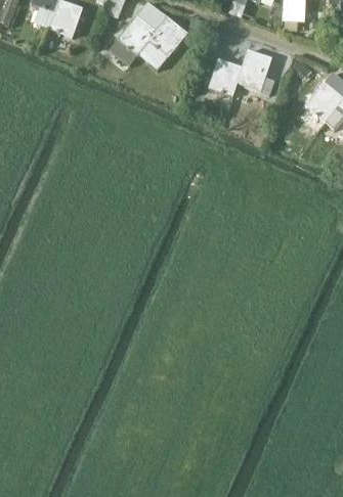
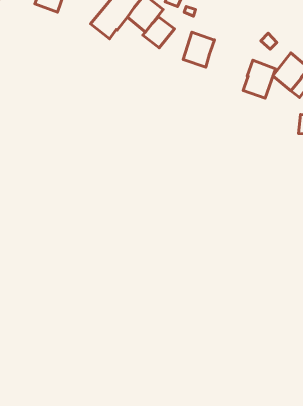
building: none -> [143,17,175,48]
building: [238,48,272,89] -> [243,60,275,98]

